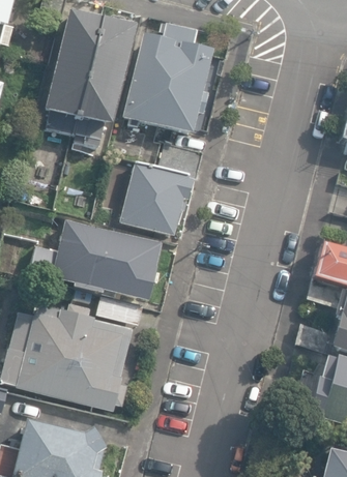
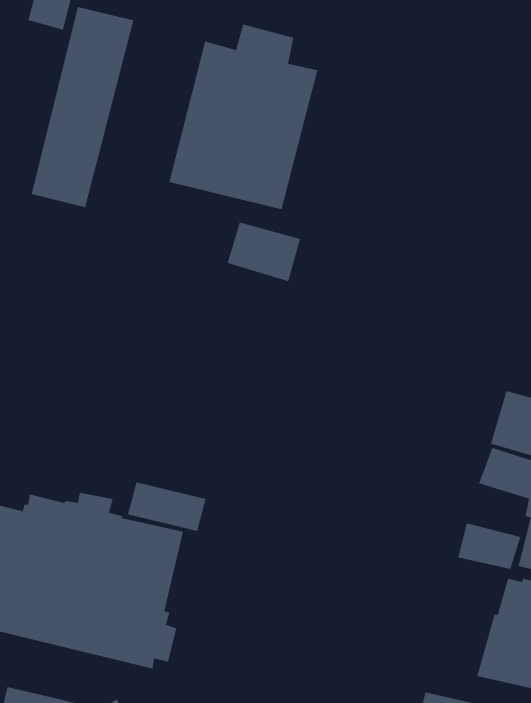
building: [71,17,135,146] -> none
building: [119,162,193,236] -> none
building: [31,218,163,299] -> none

